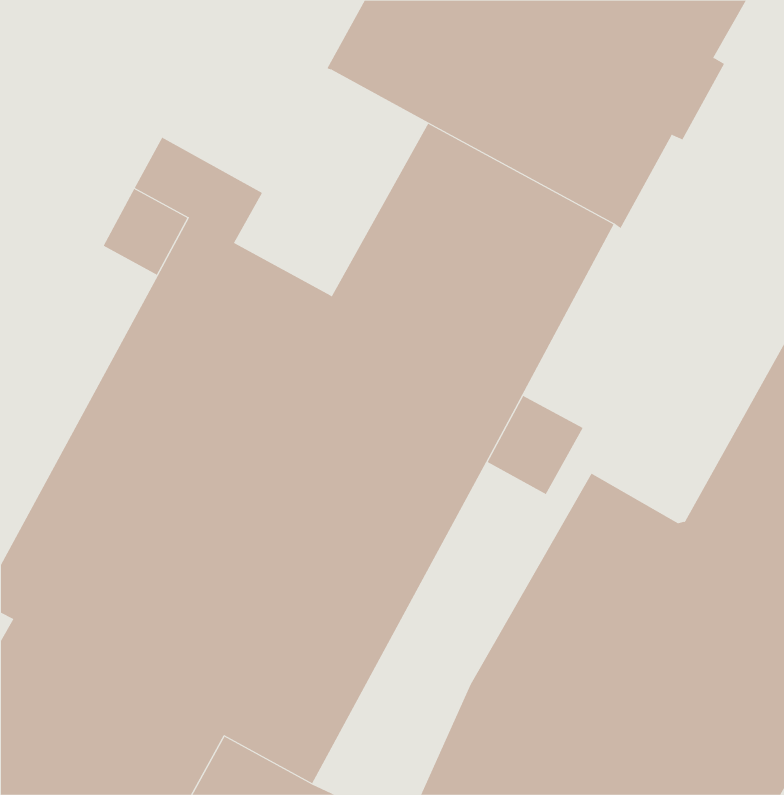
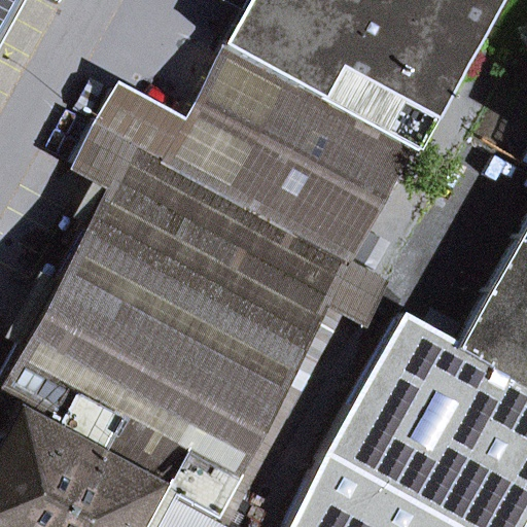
building: none -> [163,46,290,196]

